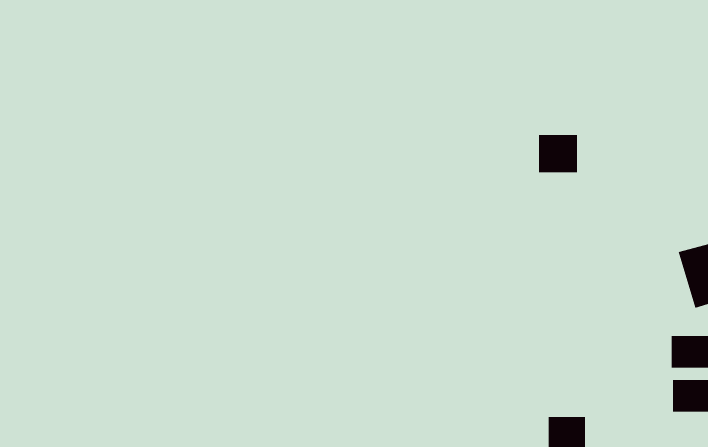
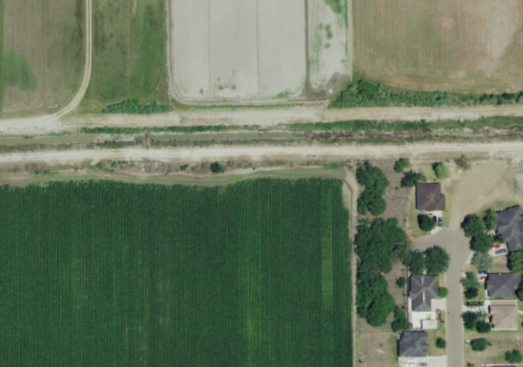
building: [538,135,578,173] -> [416,183,444,211]
building: none -> [411,275,437,312]

